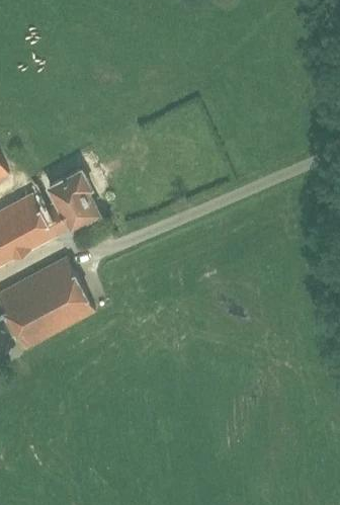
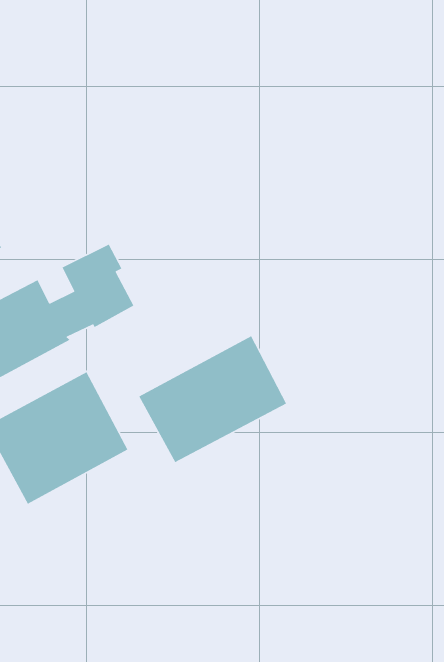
building: none -> [138,335,287,463]

